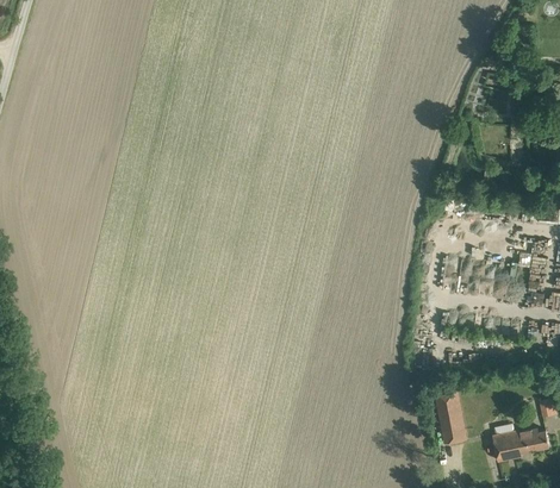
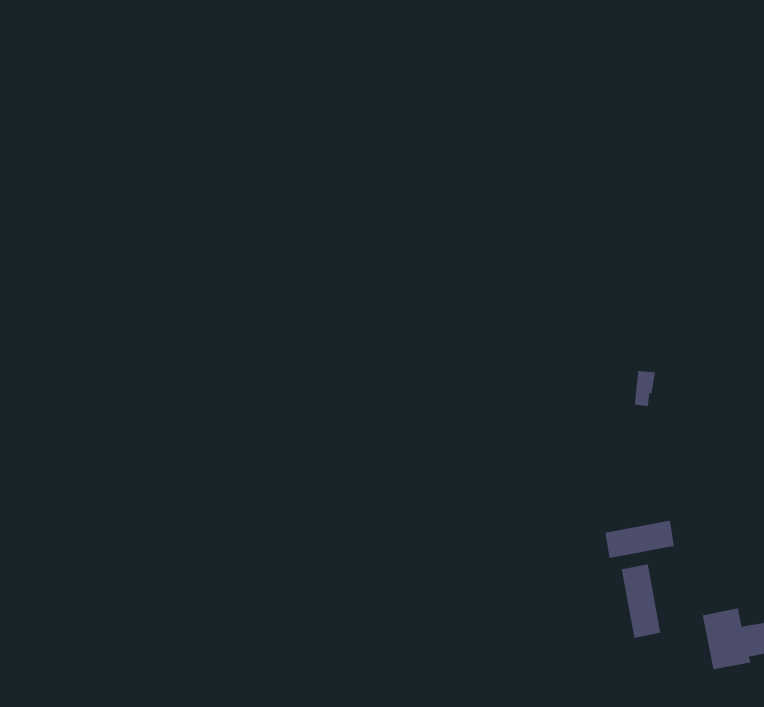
building: none -> [604,520,675,559]

